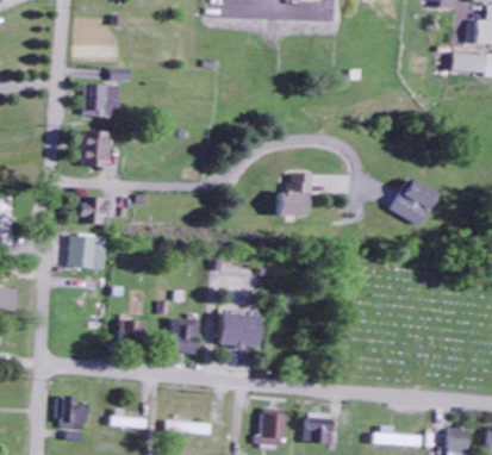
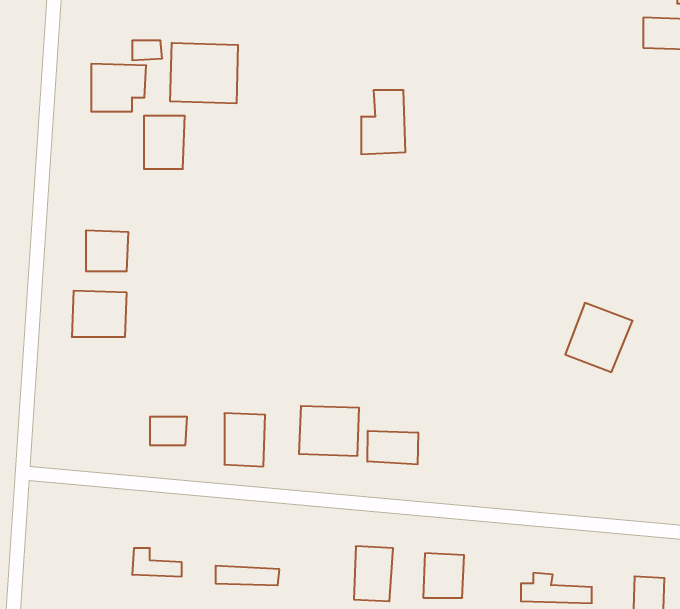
building: none -> [170,43,238,103]
building: [81,130,108,166] -> [144,116,185,169]
building: [282,173,312,216] -> [361,90,405,154]
building: [396,177,441,224] -> [565,303,633,372]
building: none -> [367,431,418,464]
building: [56,397,85,429] -> none

